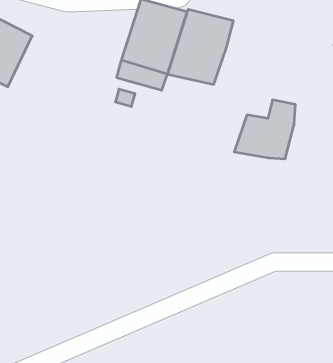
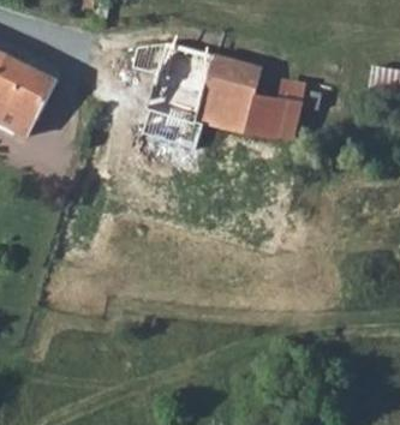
building: [234,100,295,159] -> [241,78,305,139]

